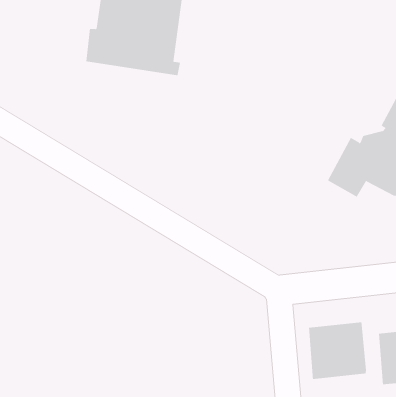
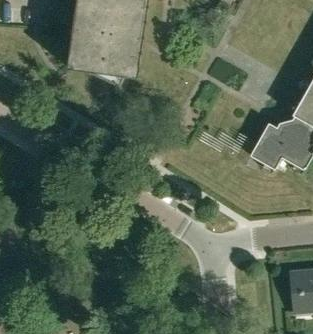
building: [308,322,367,380] -> none

